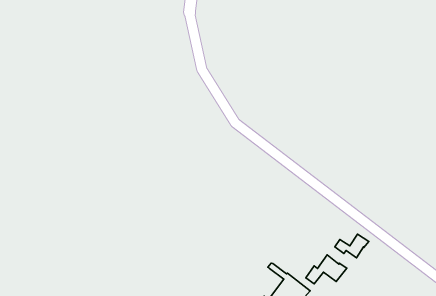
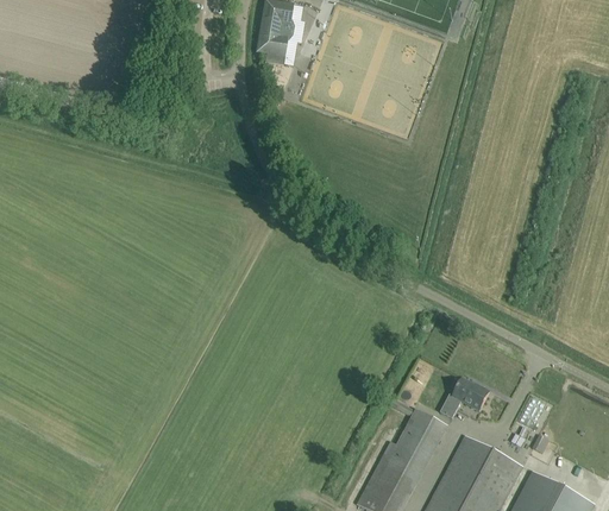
building: [335,234,369,258] -> none

